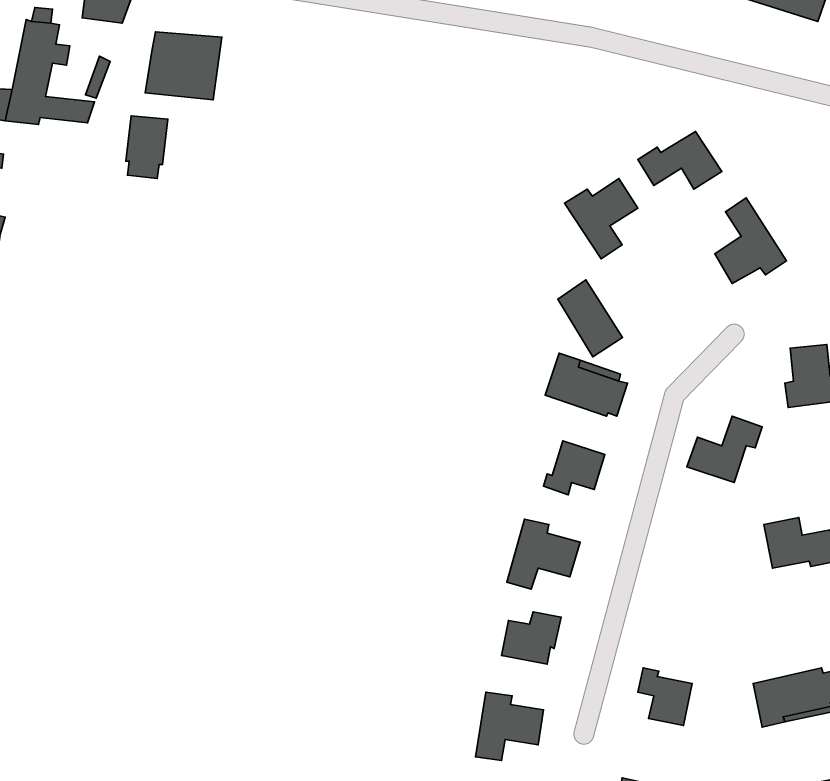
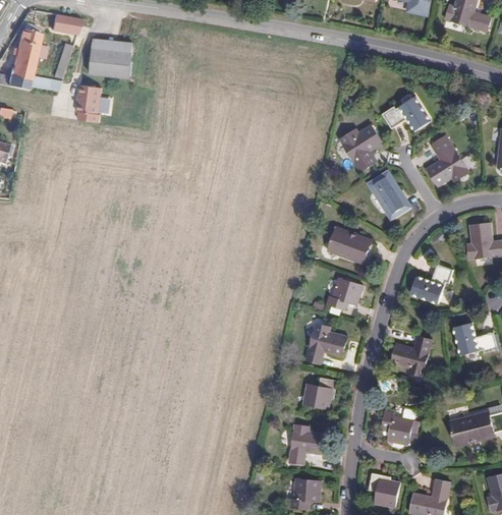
building: [558,280,622,357] -> [369,173,406,218]
building: none -> [391,335,434,377]

